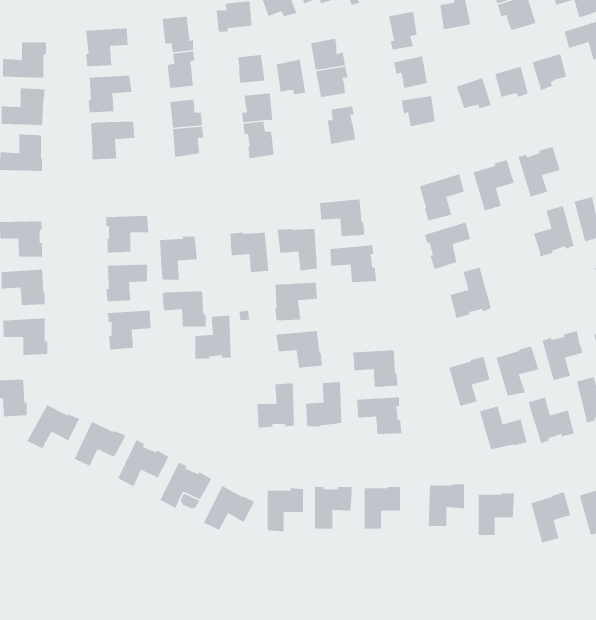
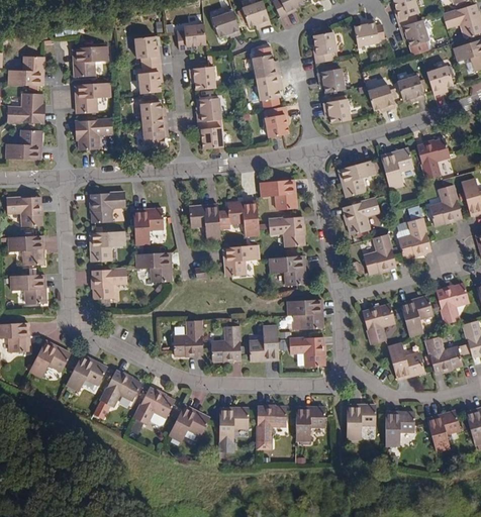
building: [276,59,306,95] -> none
building: none -> [397,217,431,258]
building: [194,315,231,360] -> [173,320,202,355]
building: [275,330,323,369] -> [268,255,305,286]

